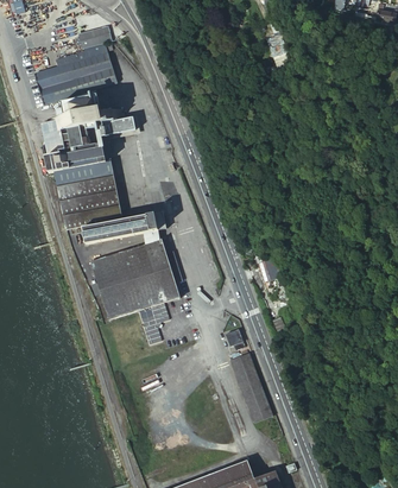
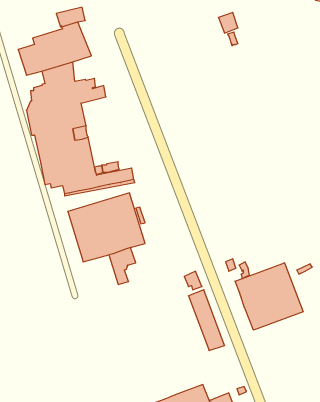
building: none -> [235,263,303,330]

